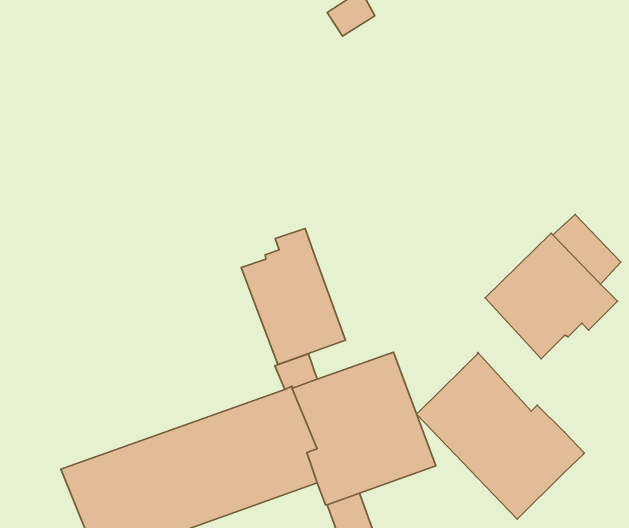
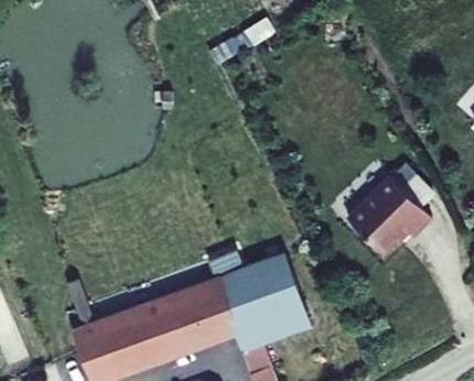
building: [241,229,345,365] -> none
building: [417,353,584,519] -> none

